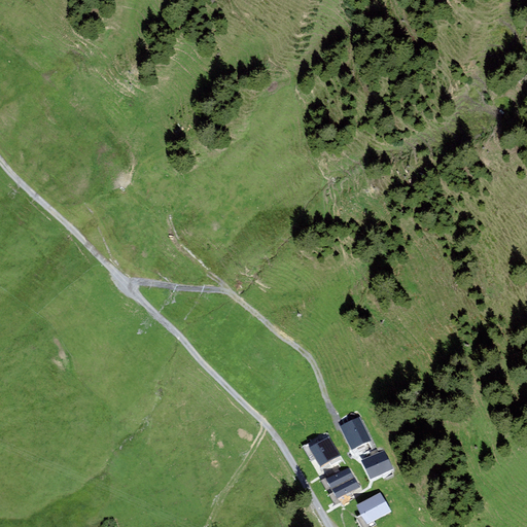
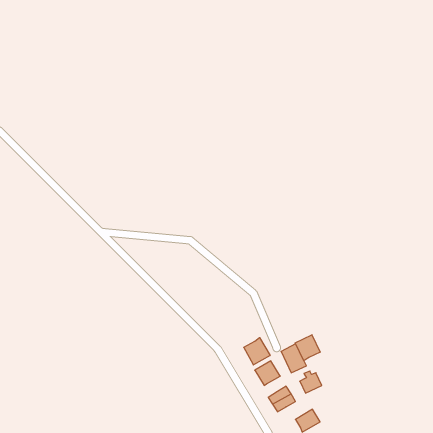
building: none -> [295,335,320,361]
building: none -> [244,338,270,365]

